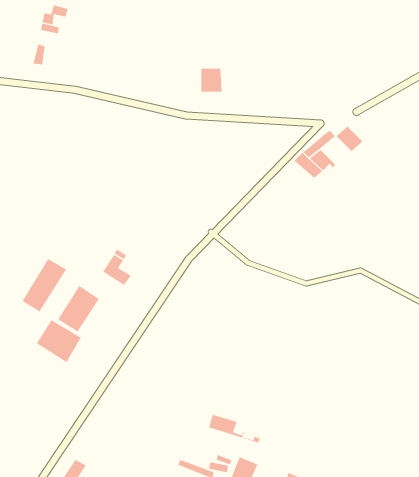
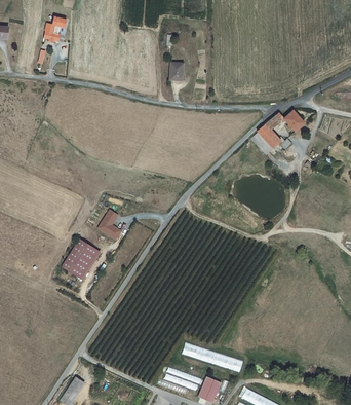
building: [22,258,67,313] -> none
building: [36,319,82,363] -> none

